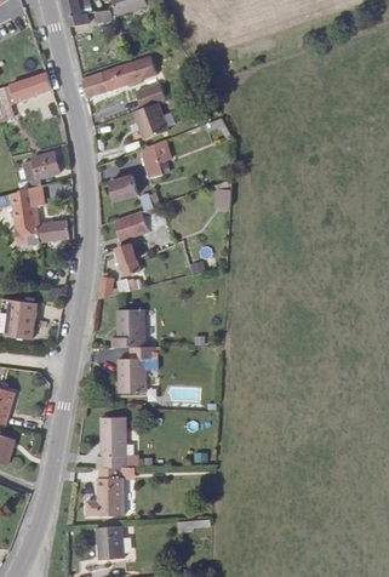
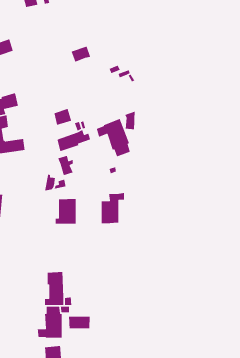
building: [80,56,155,97] -> none
building: [132,102,167,139] -> none
building: [139,139,170,178] -> none
building: none -> [96,118,131,158]
building: [118,345,153,393] -> [101,192,125,224]
building: none -> [68,316,91,329]

